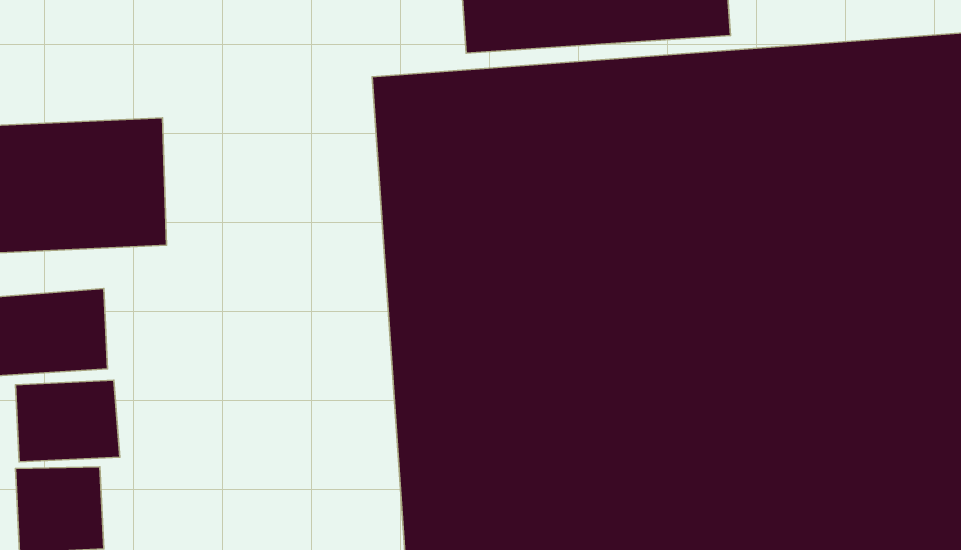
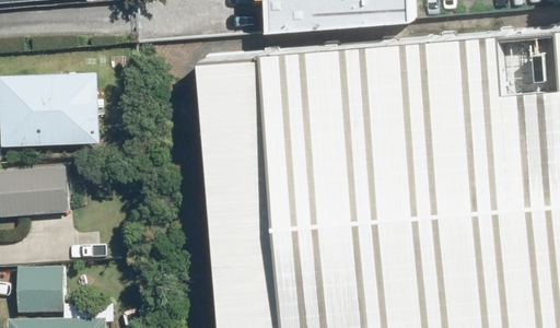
building: [16,380,120,462] -> none

